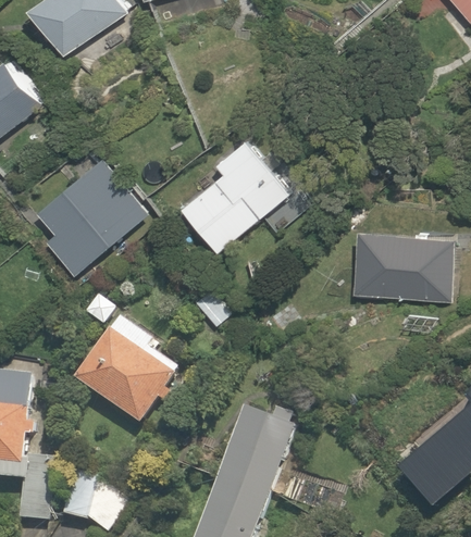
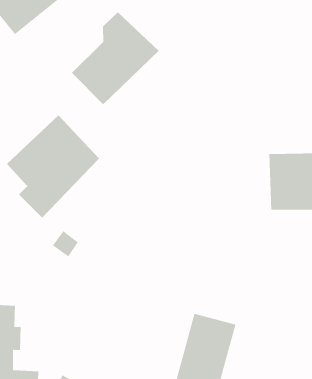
building: [179,140,288,251] -> [71,11,160,105]
building: [73,317,178,425] -> none

